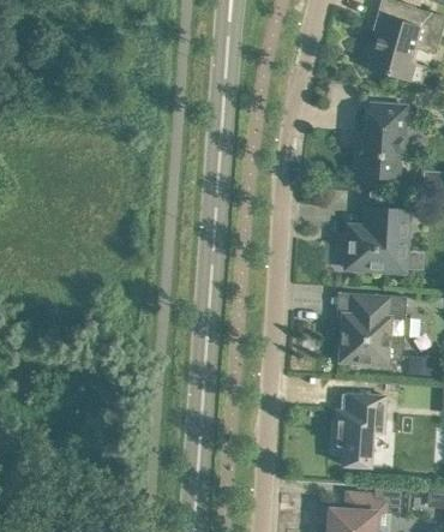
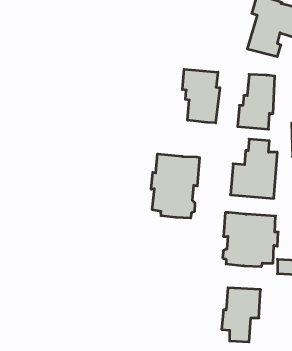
building: none -> [182,69,220,123]
building: none -> [151,154,200,218]

